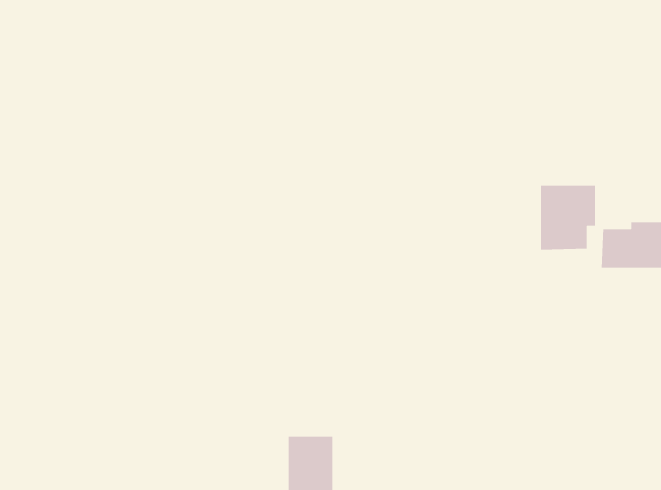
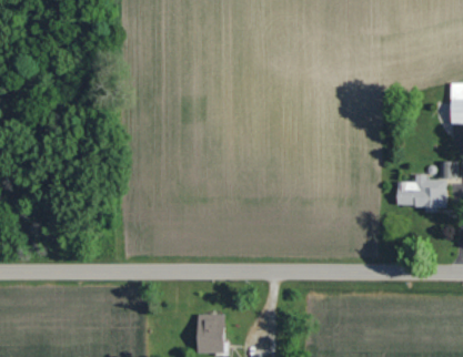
building: [540,185,596,251] -> none

